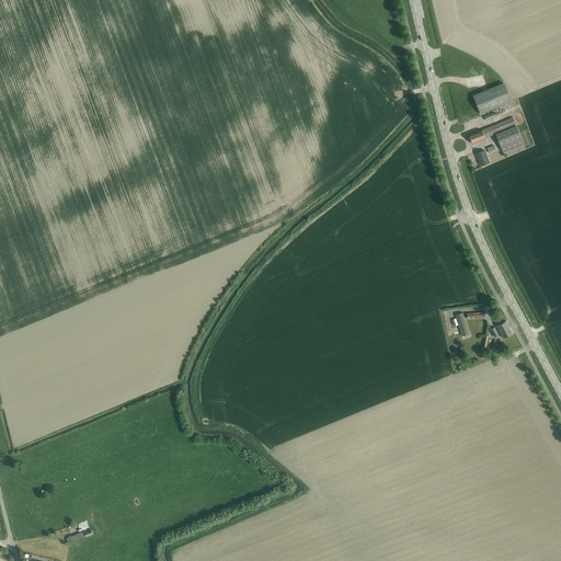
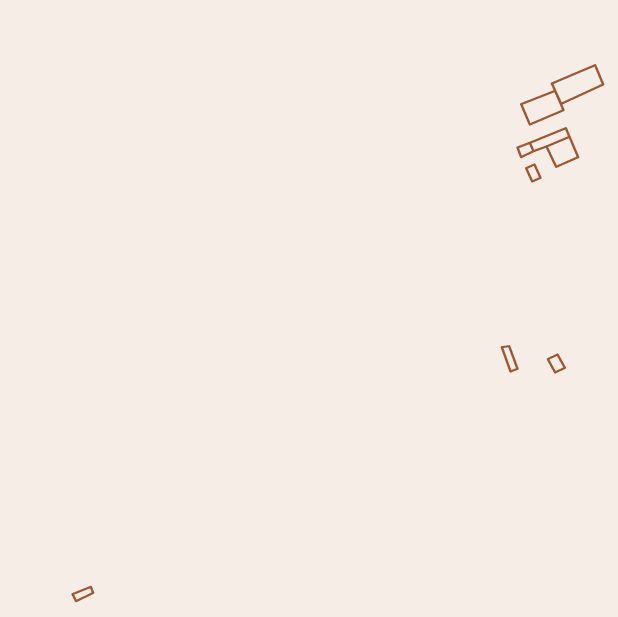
building: none -> [552,65,603,104]

